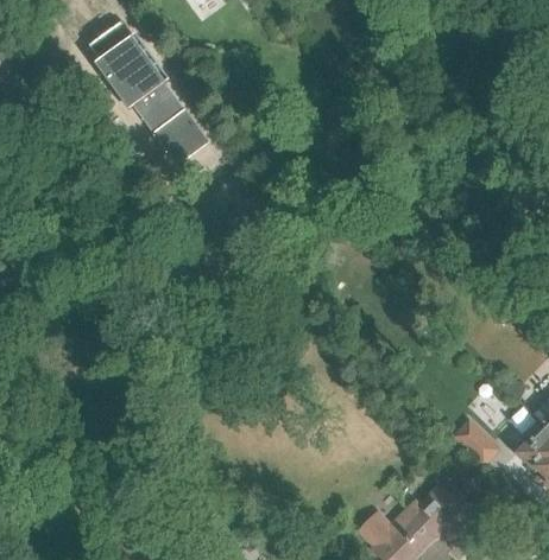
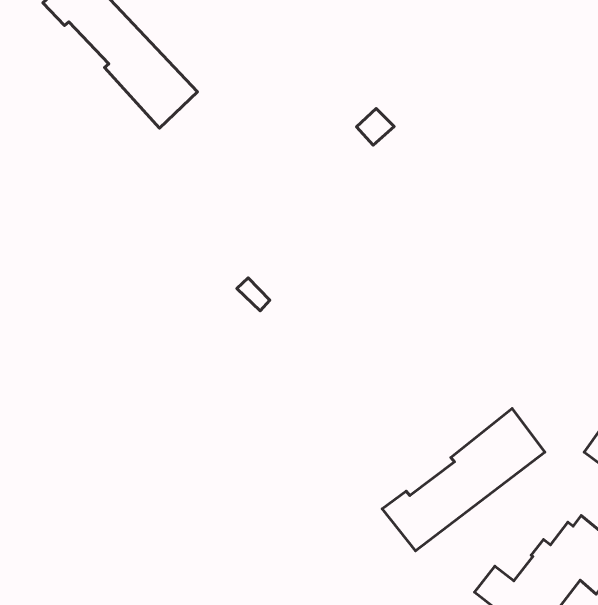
building: none -> [382,408,545,551]

